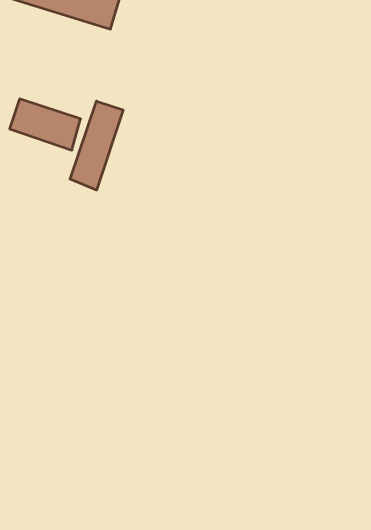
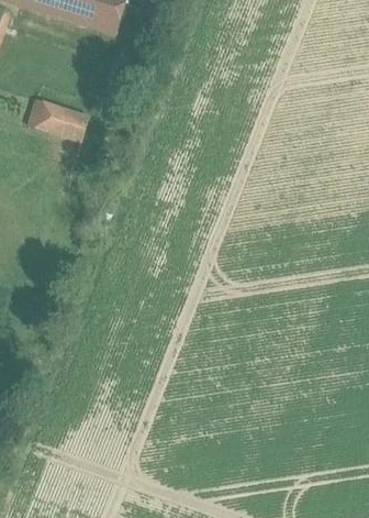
building: [70,101,123,190] -> none

